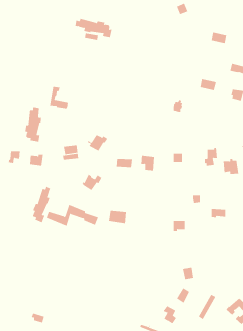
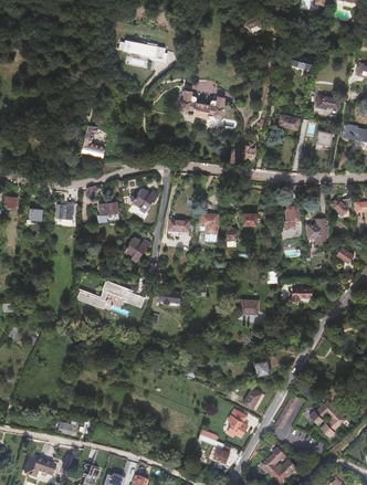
building: none -> [181,86,224,116]
building: [25,106,42,142] -> none
building: [32,186,51,223] -> none

